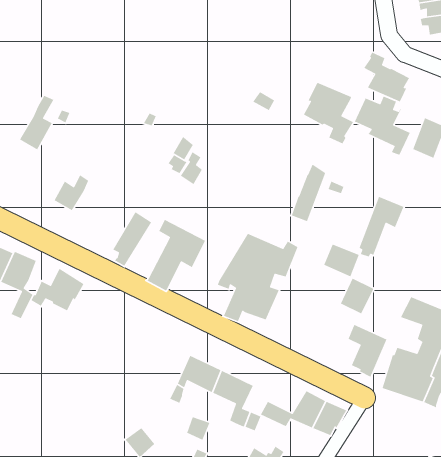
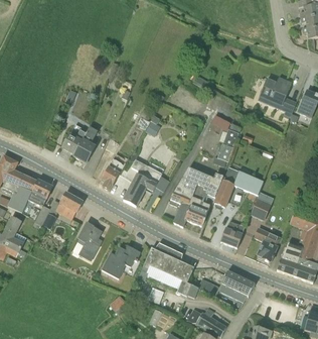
building: [363,52,410,102] -> none
building: [303,82,354,145] -> none
building: [19,95,55,150] -> [73,126,97,162]
building: [358,196,405,257] -> [214,167,245,208]
building: none -> [220,220,245,247]
building: none -> [77,224,102,260]
building: none -> [102,244,140,277]

